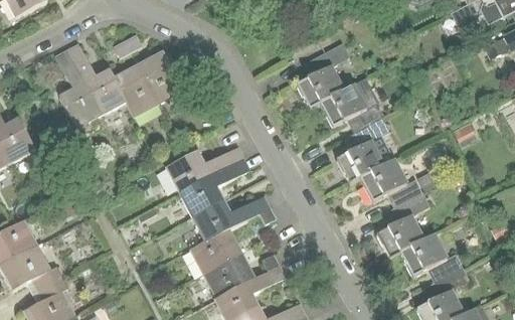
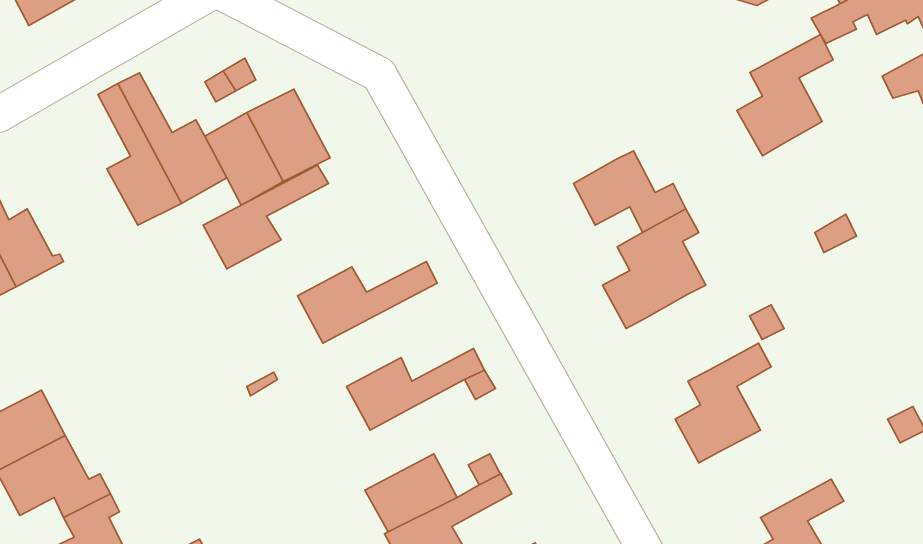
building: [295,42,348,110] -> [737,34,833,156]
building: [180,159,249,216] -> [203,165,328,269]
building: [359,160,421,205] -> none
building: [190,228,241,274] -> none
building: [399,235,462,281] -> none

